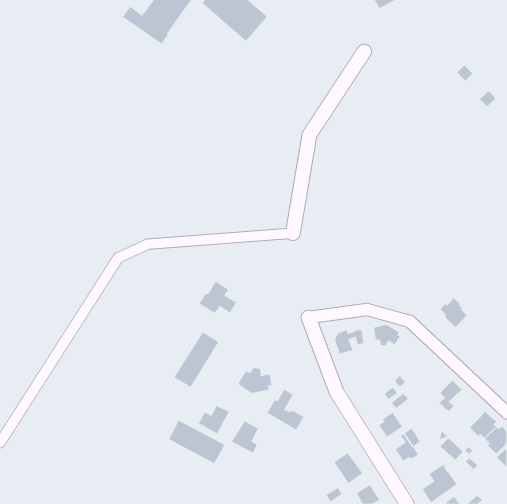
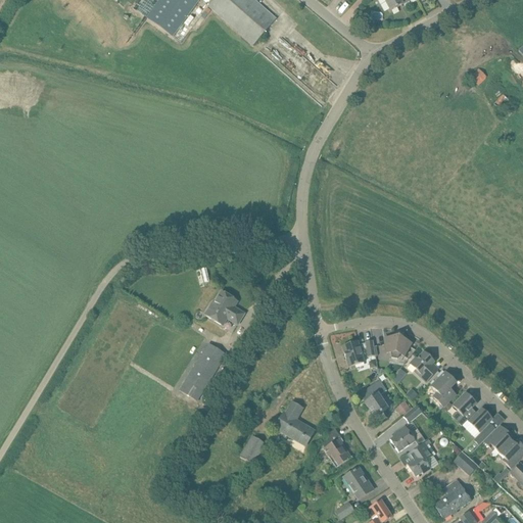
building: [440,297,467,328] -> [410,349,438,381]
building: none -> [431,371,456,406]
building: [238,367,272,394] -> none
building: none -> [360,378,387,415]
building: none -> [469,407,495,440]
building: [198,405,230,434] -> none
building: none -> [321,427,352,465]
building: [168,420,225,465] -> none

